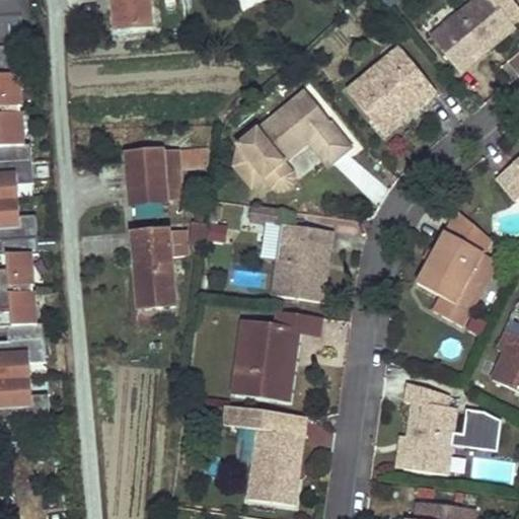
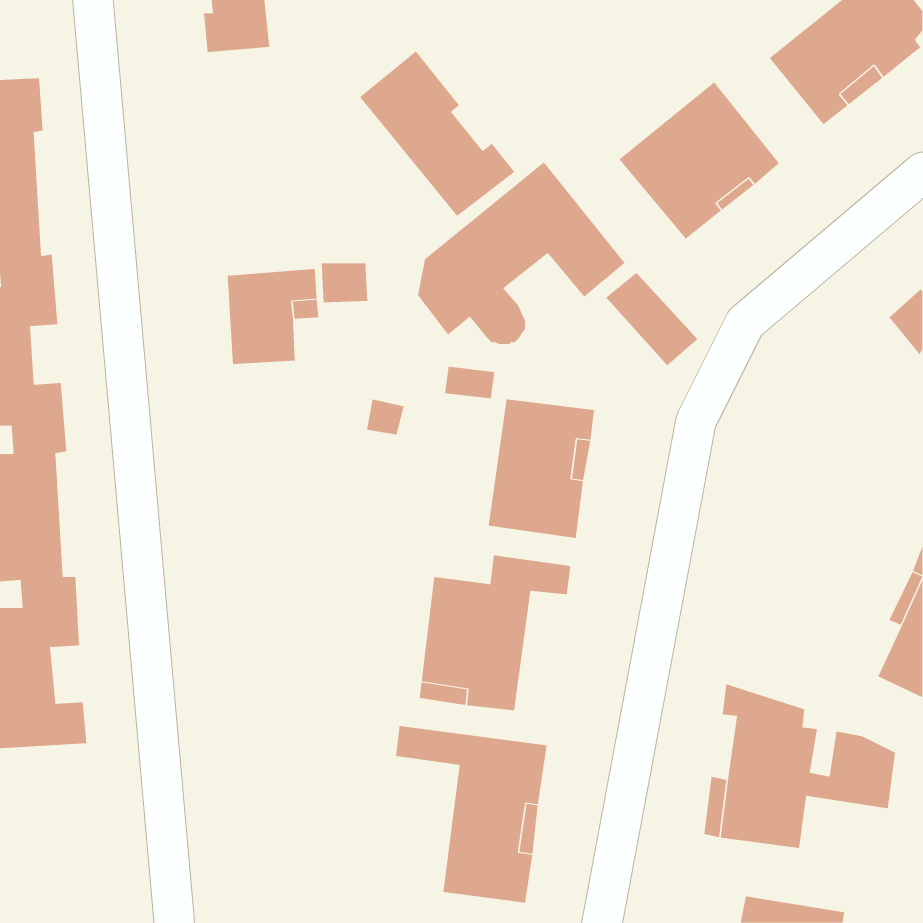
building: none -> [359,50,515,217]
building: [416,210,498,326] -> none
building: [134,231,180,309] -> none

